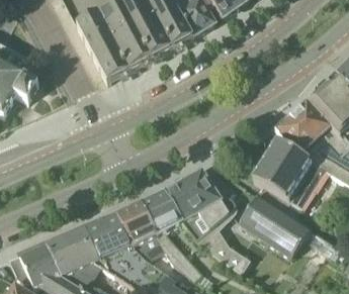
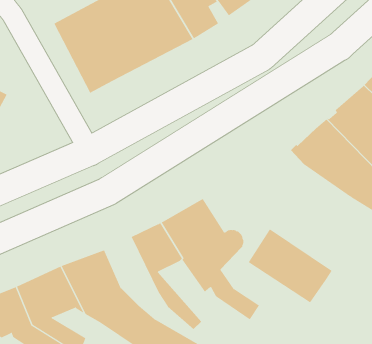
building: [253,141,326,208] -> none
building: [119,202,165,260] -> none

